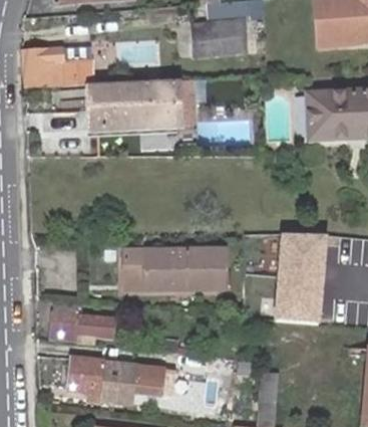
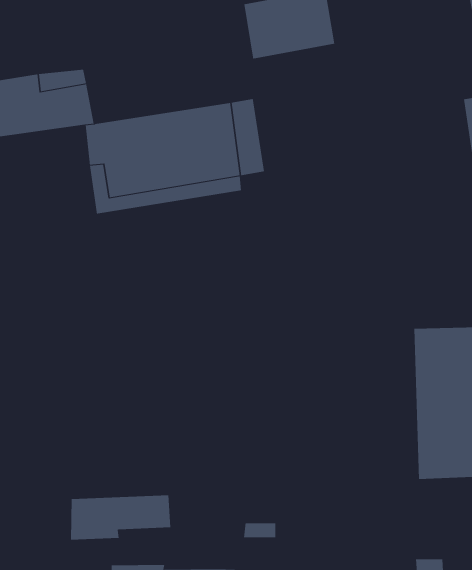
building: [122,251,225,290] -> none

